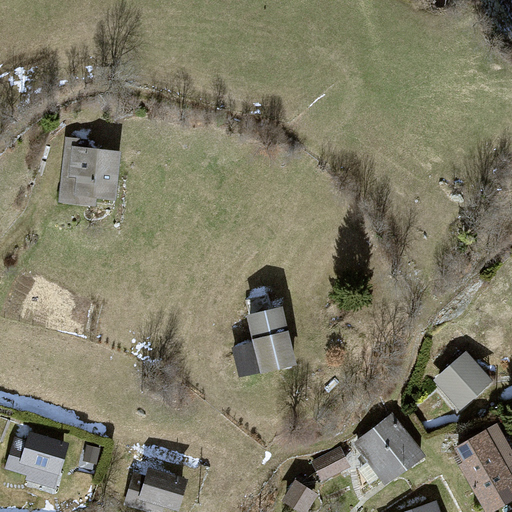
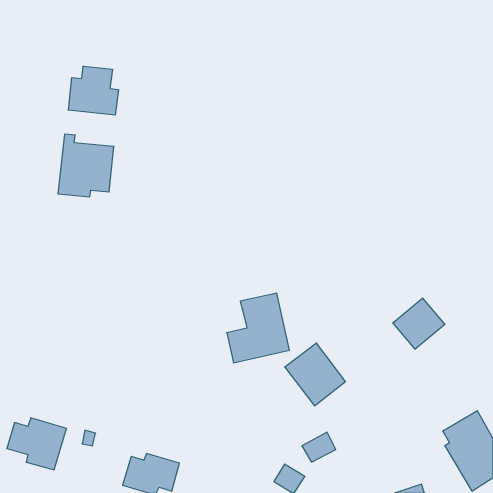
building: none -> [68,66,118,115]
building: [436,353,490,406] -> [393,298,445,349]
building: [359,416,422,481] -> [285,343,345,406]

